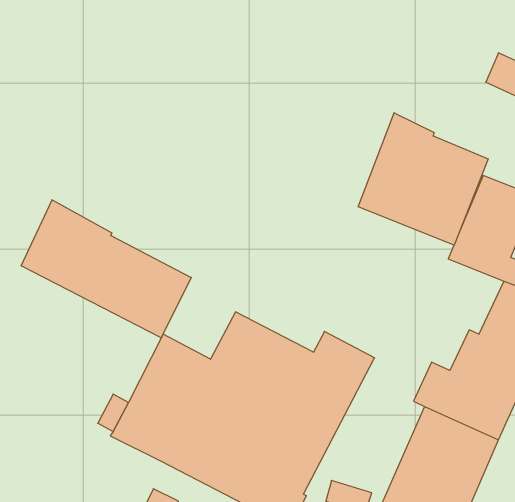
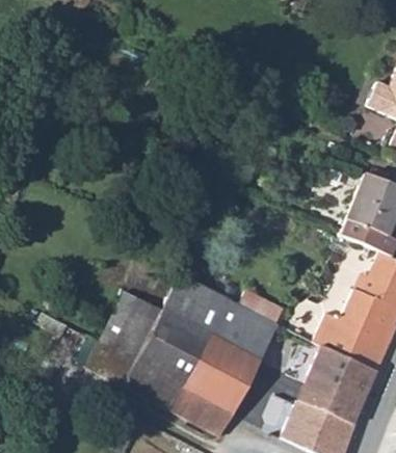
building: [358,113,488,245] -> none
building: [21,200,191,338] -> none

